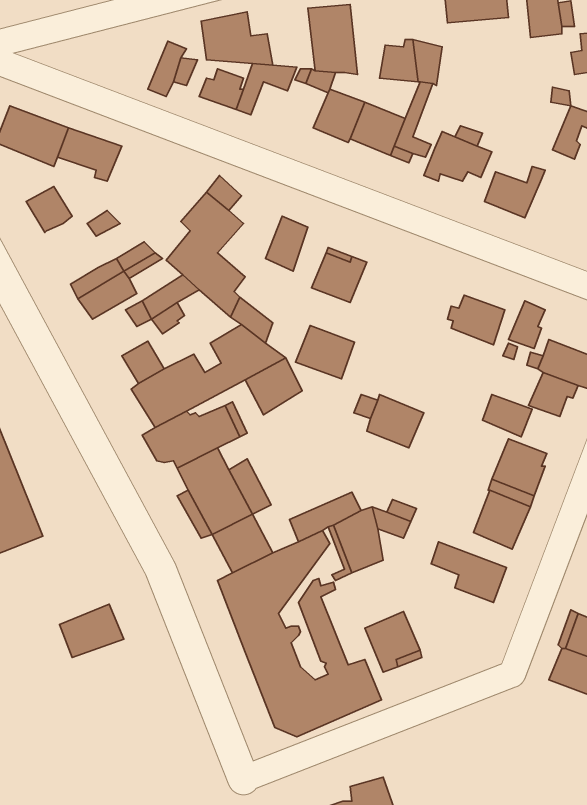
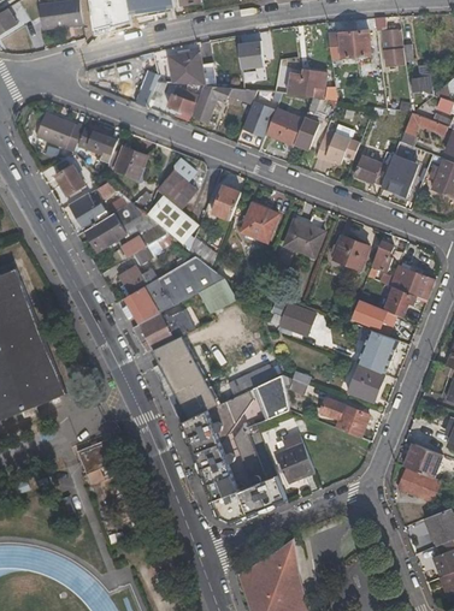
building: none -> [114,146,147,177]
building: none -> [382,160,415,196]
building: none -> [69,194,102,229]
building: [295,325,354,379] -> [284,220,323,255]

